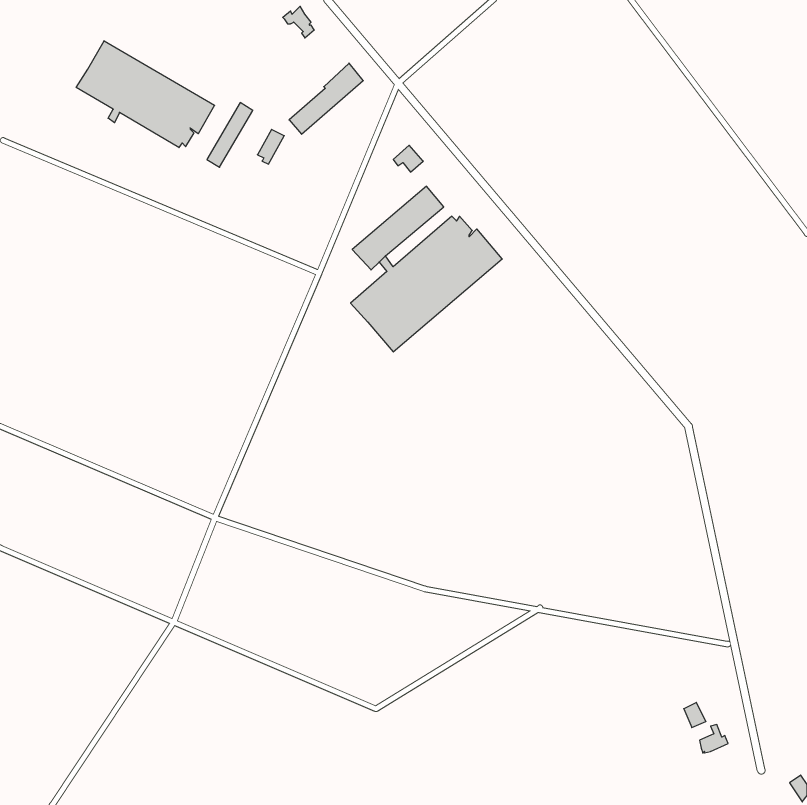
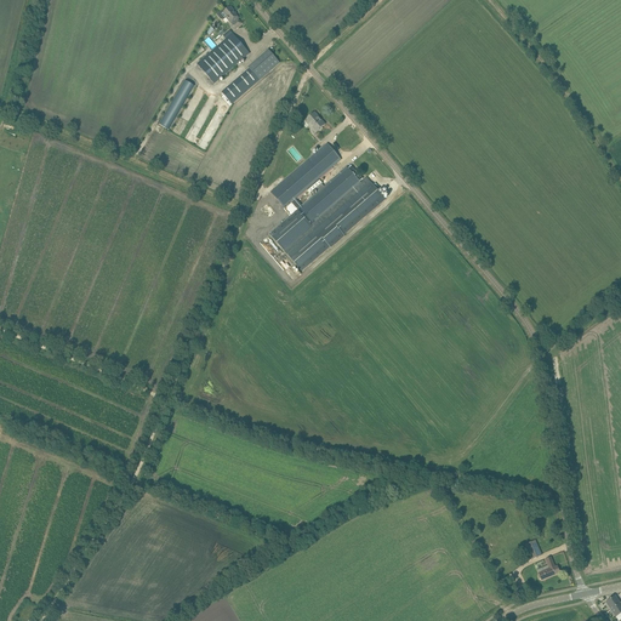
building: none -> [198,29,250,82]
building: [76,41,215,148] -> none

